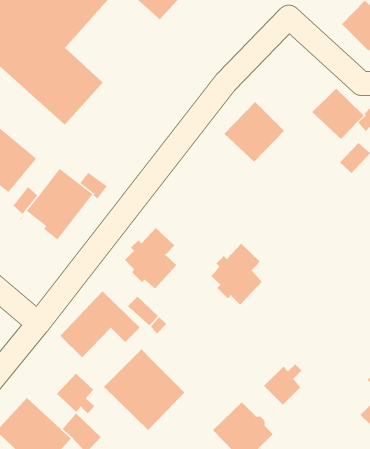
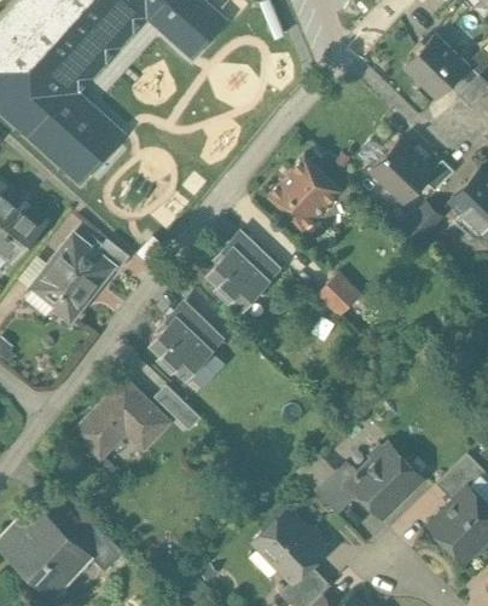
building: none -> [316,273,361,318]
building: [210,243,263,305] -> [208,235,269,308]
building: none -> [350,446,422,516]
building: [103,349,185,431] -> none
building: [56,373,95,414] -> none

